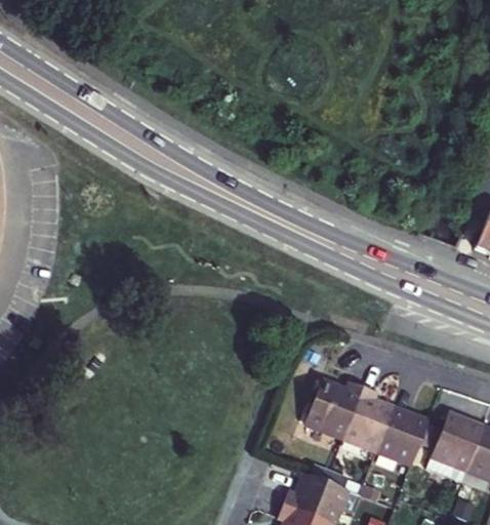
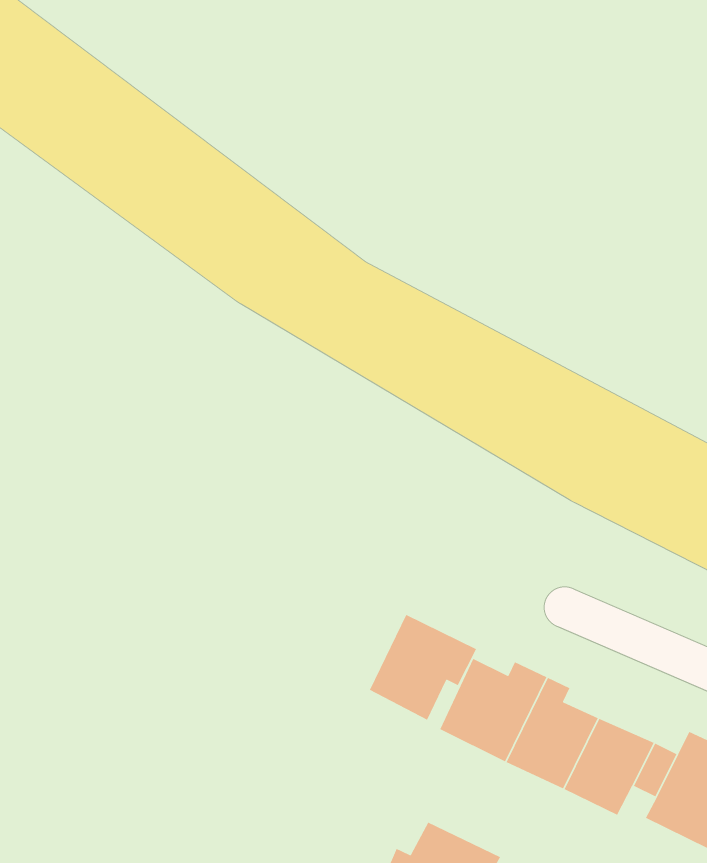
building: none -> [369,614,477,721]

